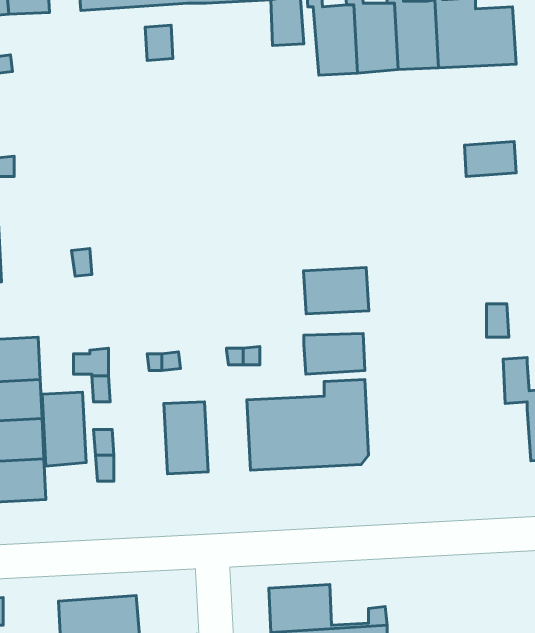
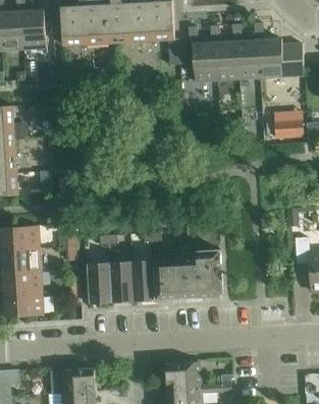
building: [304,268,369,314] -> none
building: [42,392,86,466] -> [87,263,111,303]
building: none -> [131,259,157,300]

